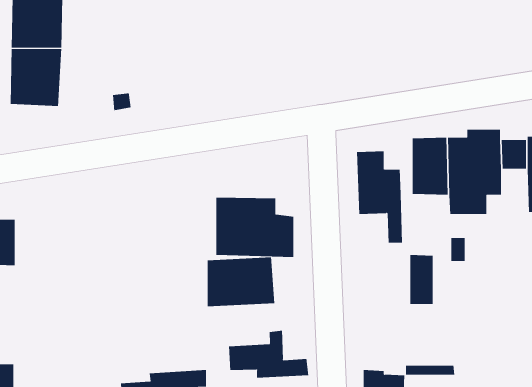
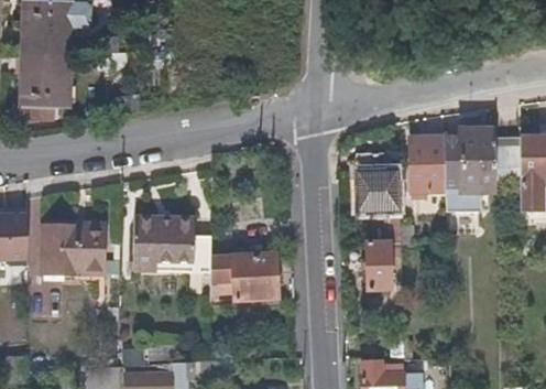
building: [216,197,294,257] -> [135,217,211,275]
building: none -> [42,224,106,274]
building: [409,255,433,305] -> [367,240,390,289]
building: [228,330,309,379] -> none

